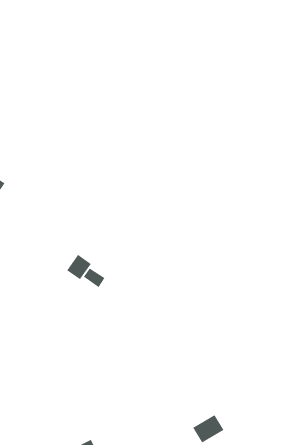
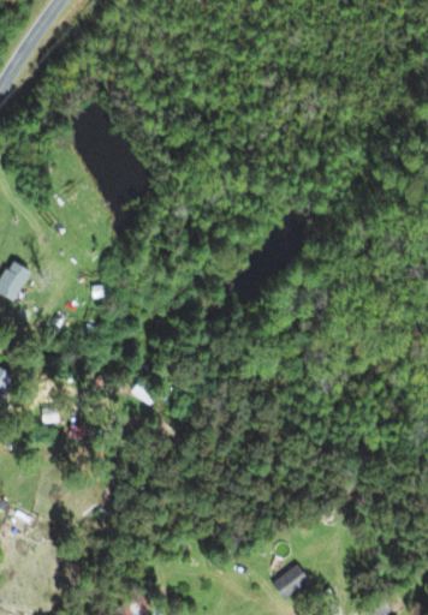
building: [66,254,92,280] -> none

